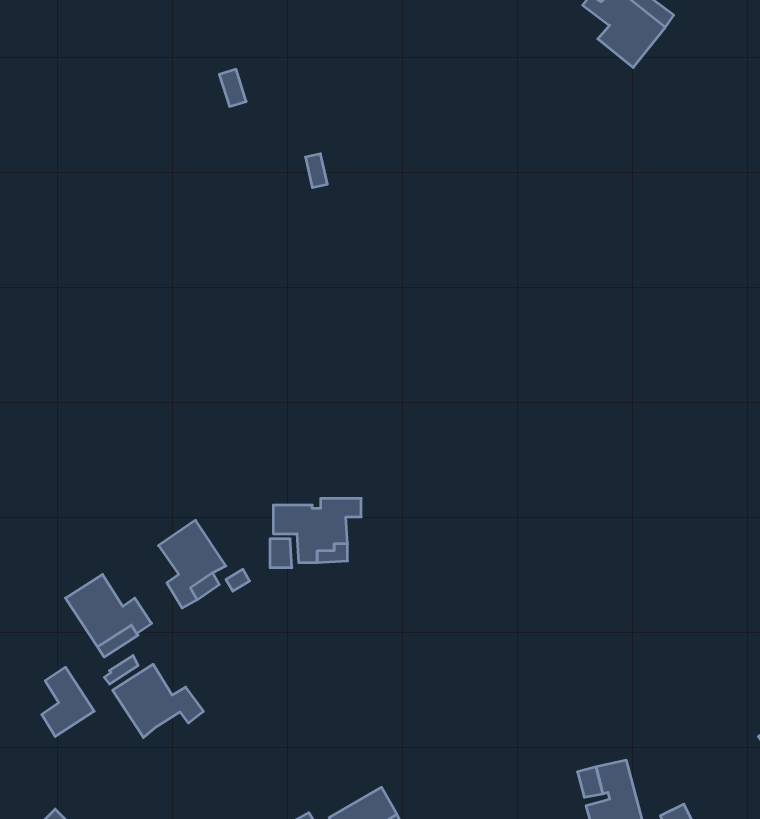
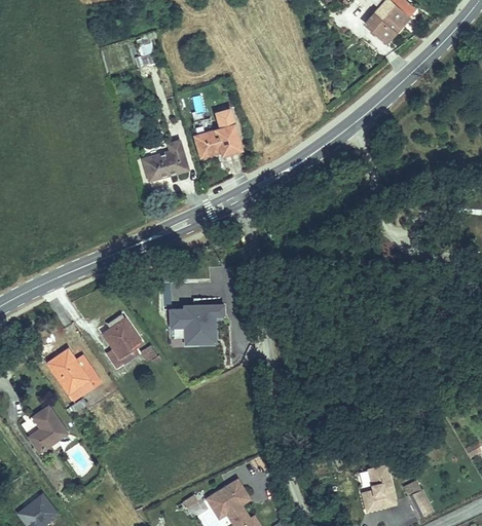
building: none -> [194,108,244,158]
building: none -> [141,139,190,184]
building: [113,664,203,738] -> none

